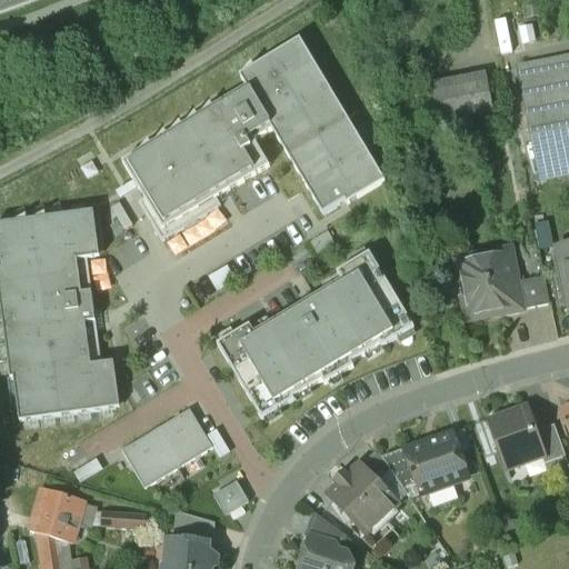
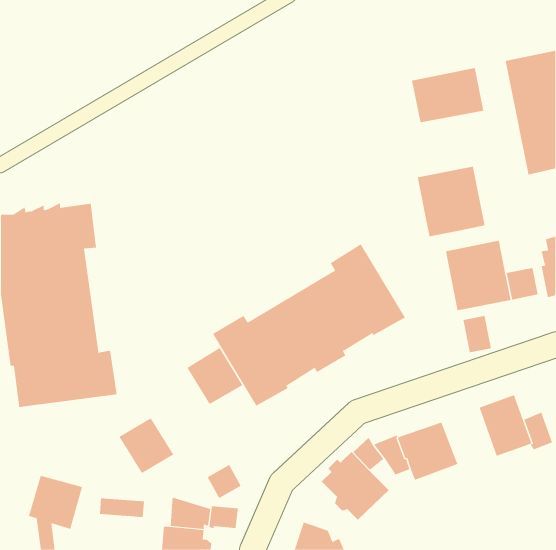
building: [122,36,385,238] -> none
building: none -> [417,166,485,237]
building: none -> [463,315,492,353]
building: [154,406,212,465] -> [186,347,243,405]
building: [303,509,346,542] -> none
building: none -> [209,505,238,529]

